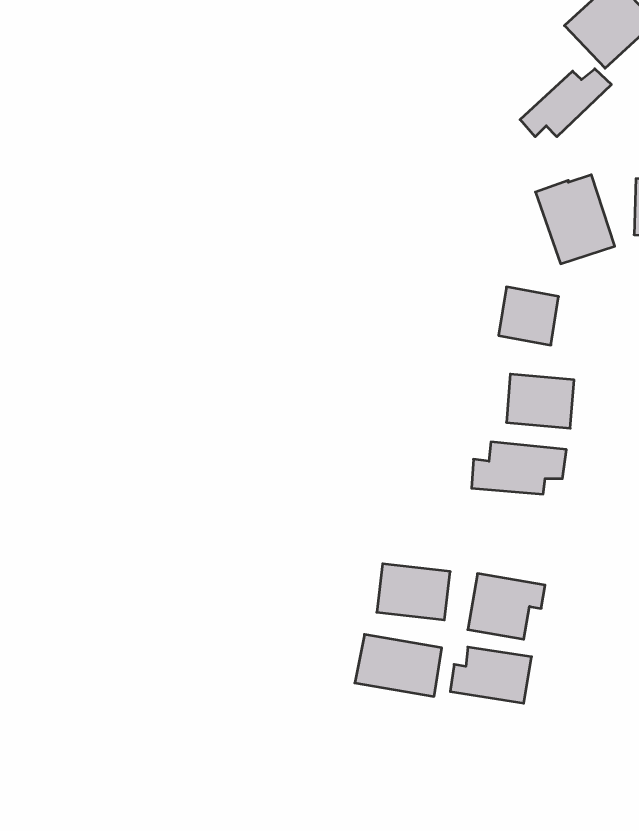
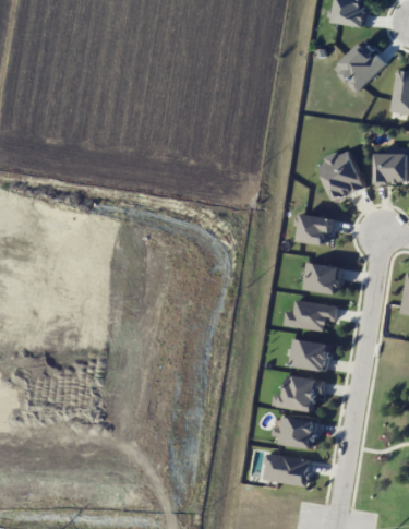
building: [520,69,611,137] -> none
building: [377,564,450,620] -> [290,338,332,370]
building: [355,634,442,696] -> [263,452,312,486]

